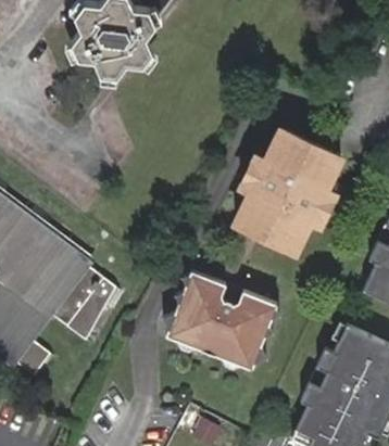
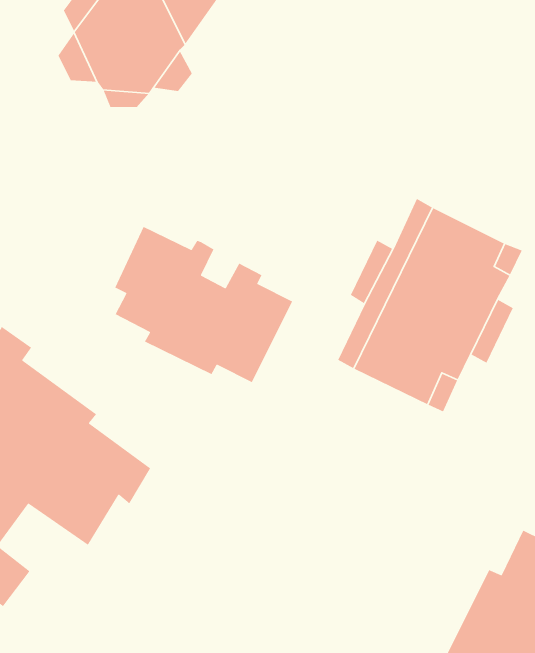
building: none -> [114,226,293,383]
building: [161,273,278,372] -> none

